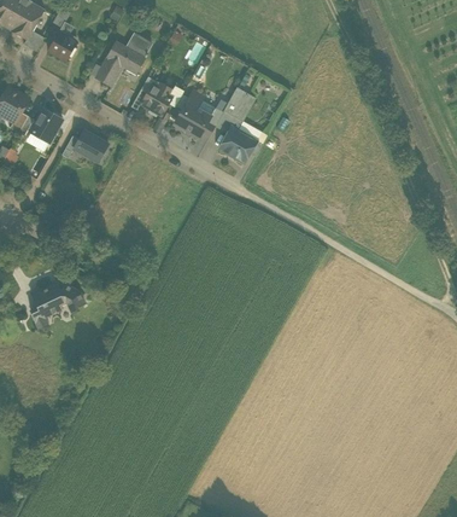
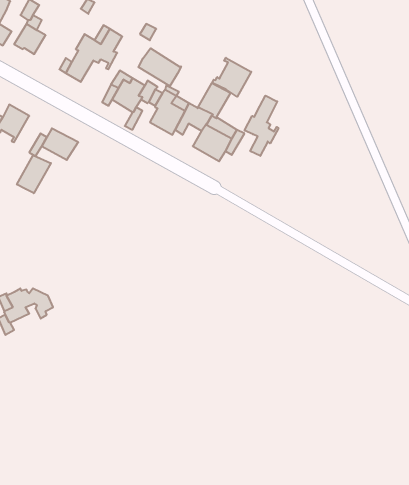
building: none -> [138,48,181,86]
building: none -> [212,58,251,97]
building: none -> [245,96,278,156]
building: none -> [17,155,51,193]

